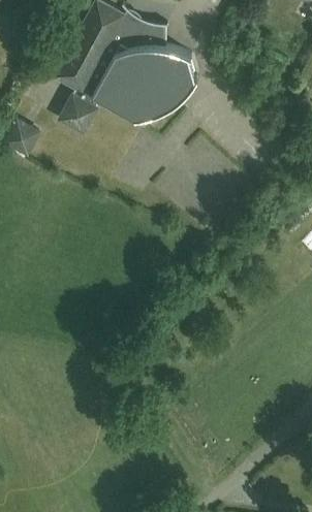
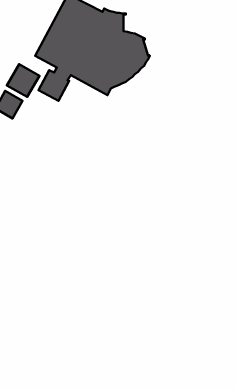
building: none -> [7,64,39,97]

